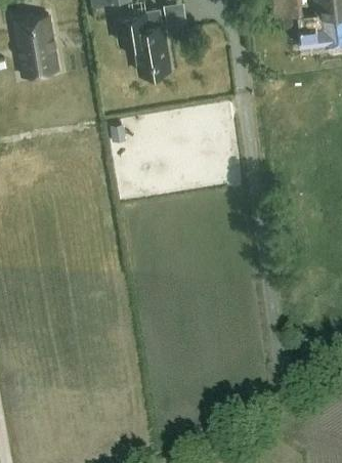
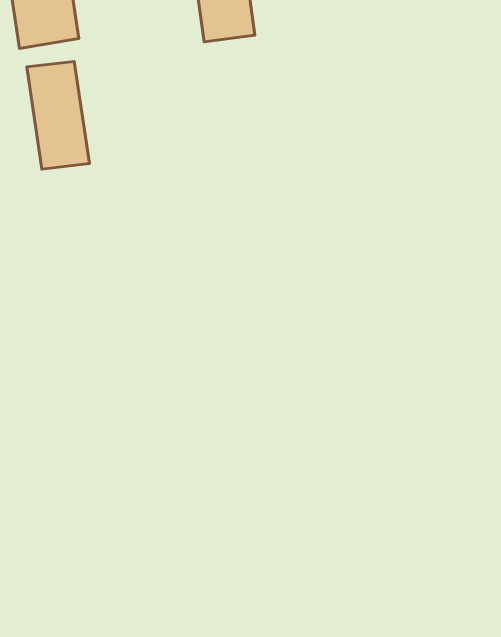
building: none -> [27,61,89,169]

